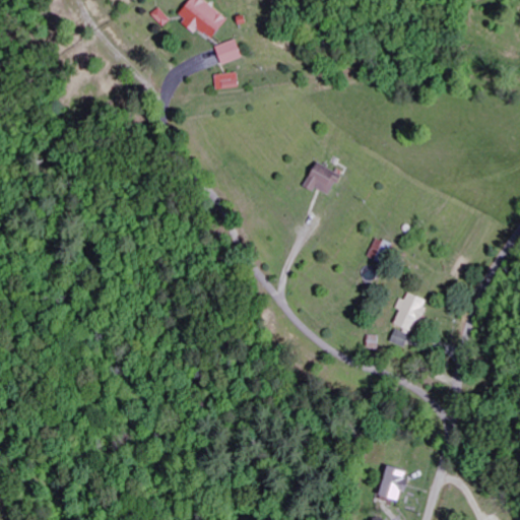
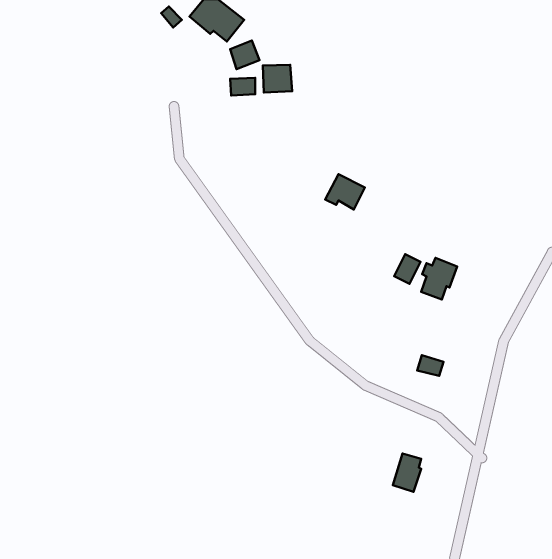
building: none -> [263,65,292,92]
building: [393,291,427,330] -> [421,258,457,299]
building: [380,464,406,500] -> [393,453,421,492]

